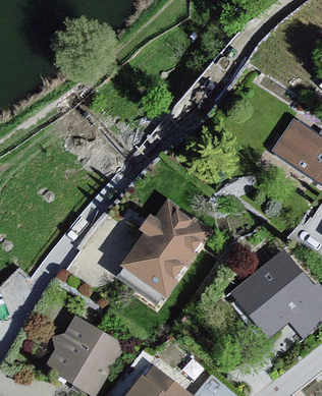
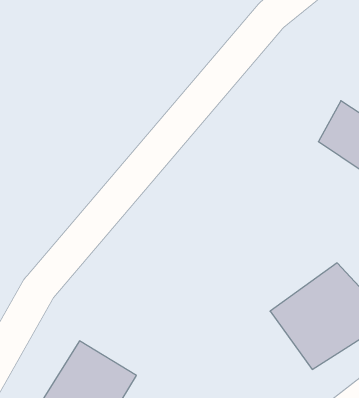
building: [123,200,209,294] -> none

